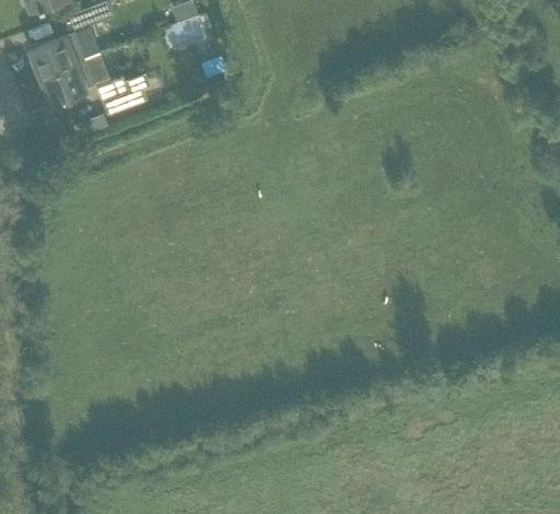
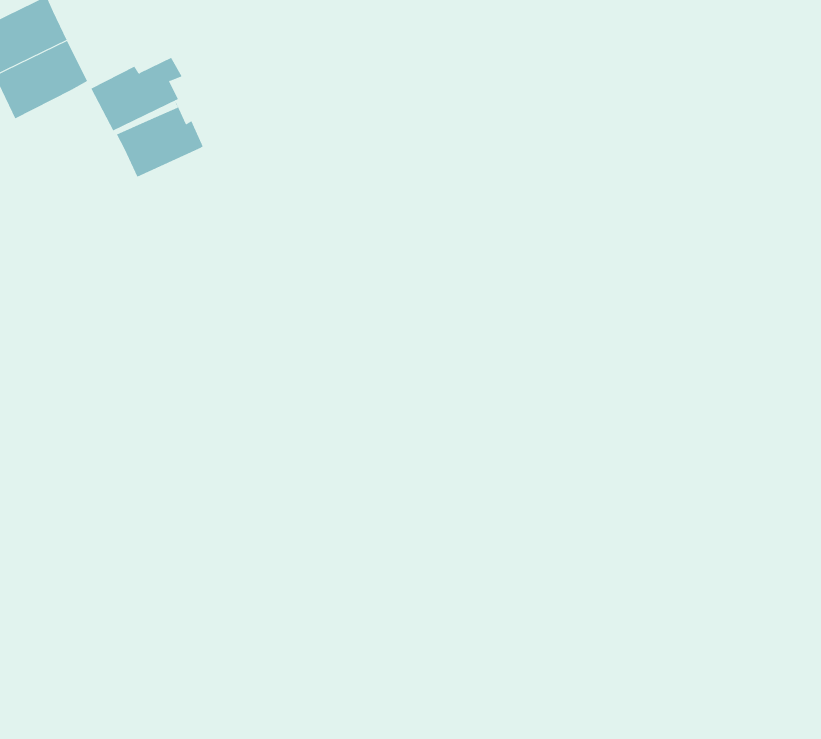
building: none -> [116,101,203,177]

